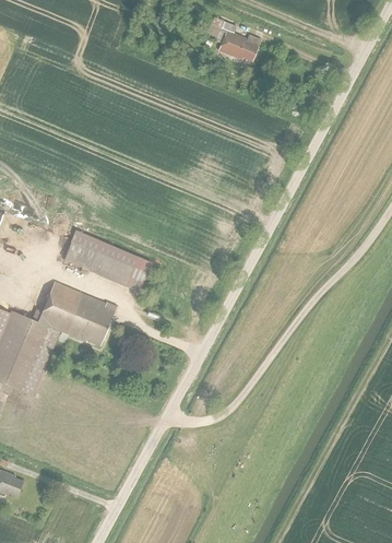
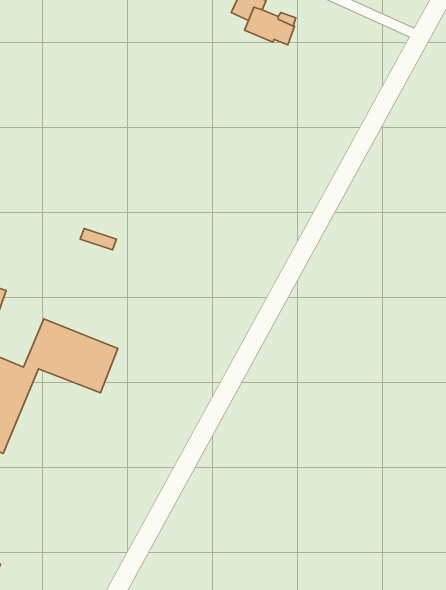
building: [61,233,149,294] -> none

